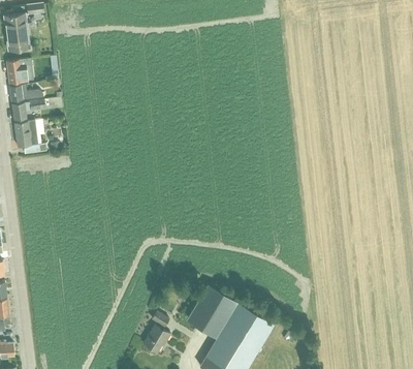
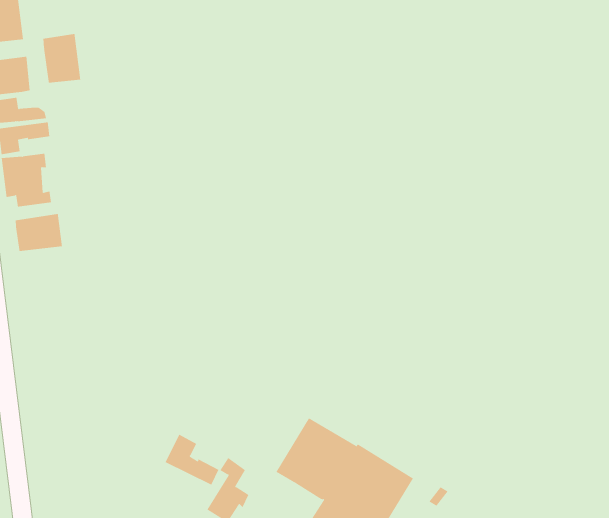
building: none -> [43,33,81,84]
building: none -> [15,213,63,252]
building: none -> [165,434,219,486]

